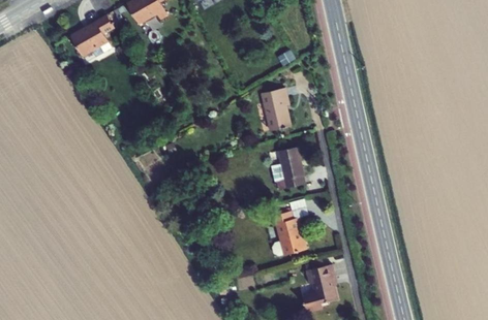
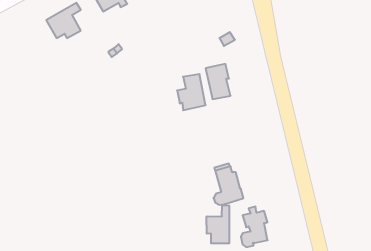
building: [271,147,305,190] -> [177,74,206,110]
building: none -> [207,205,229,243]

